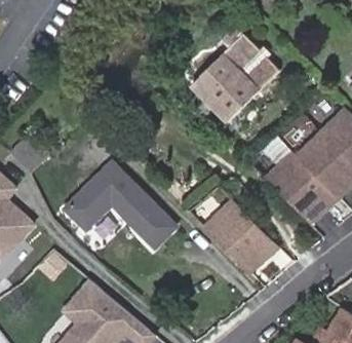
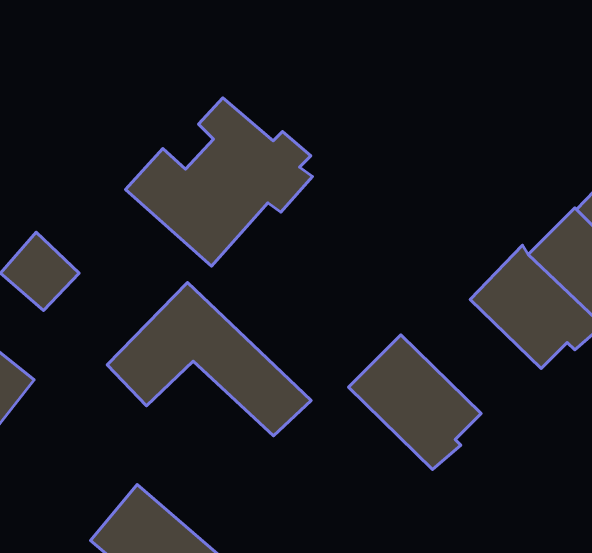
building: [183,31,285,123] -> [126,98,313,266]

